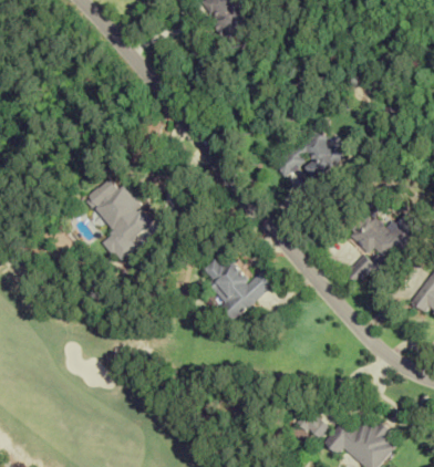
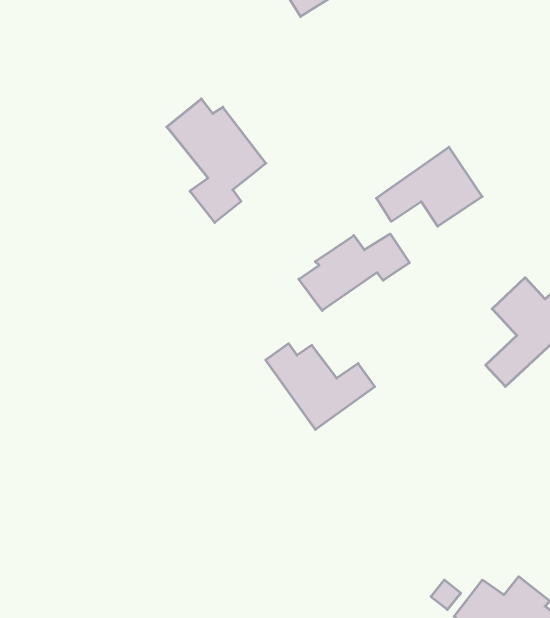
building: [84,178,151,261] -> [167,99,266,223]
building: none -> [299,234,409,311]

